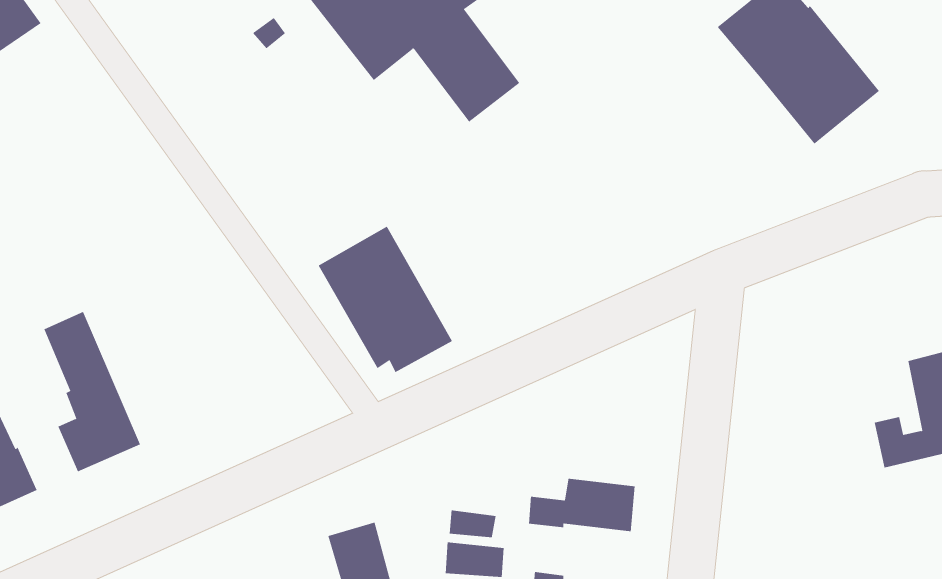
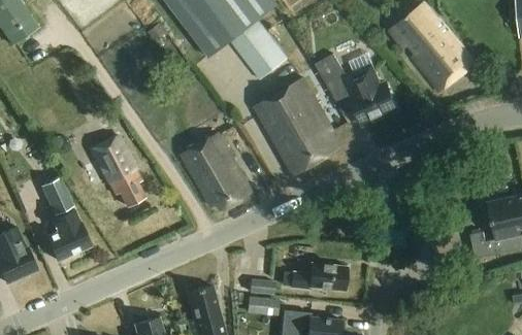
building: none -> [315,54,397,125]
building: none -> [254,78,339,175]
building: none -> [92,135,144,207]

